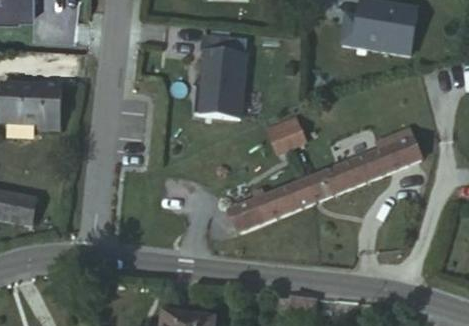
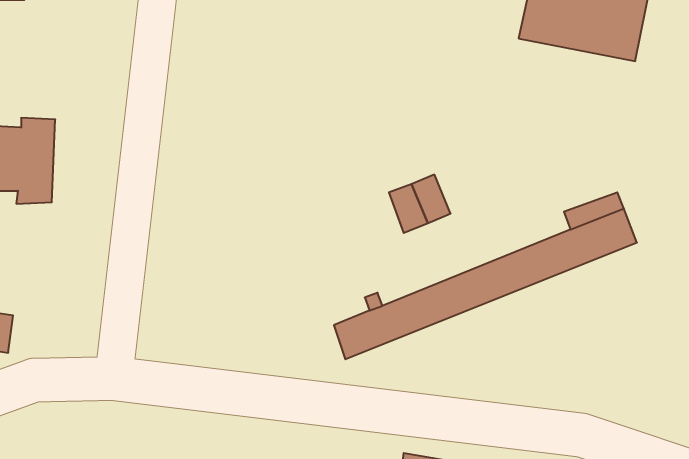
building: [198,31,249,114] -> none

